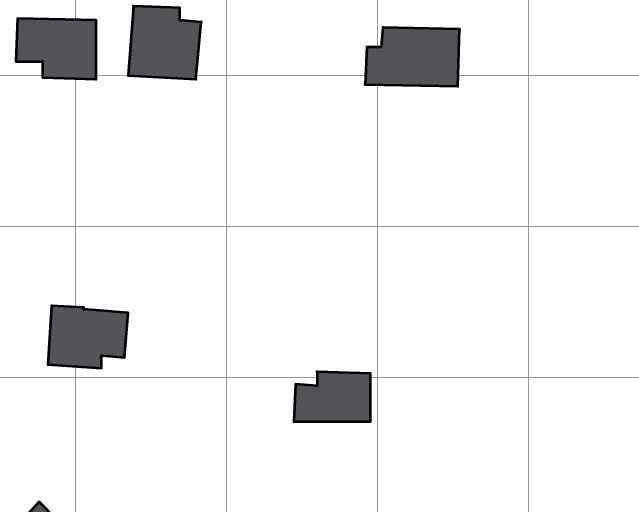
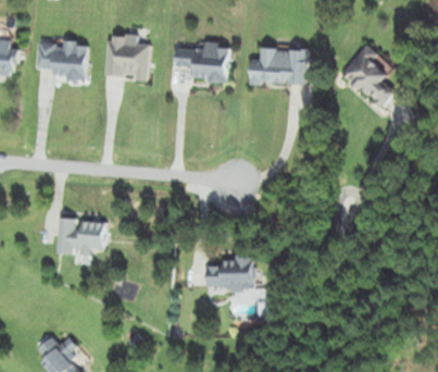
building: none -> [175,42,228,80]
building: none -> [341,42,393,106]

